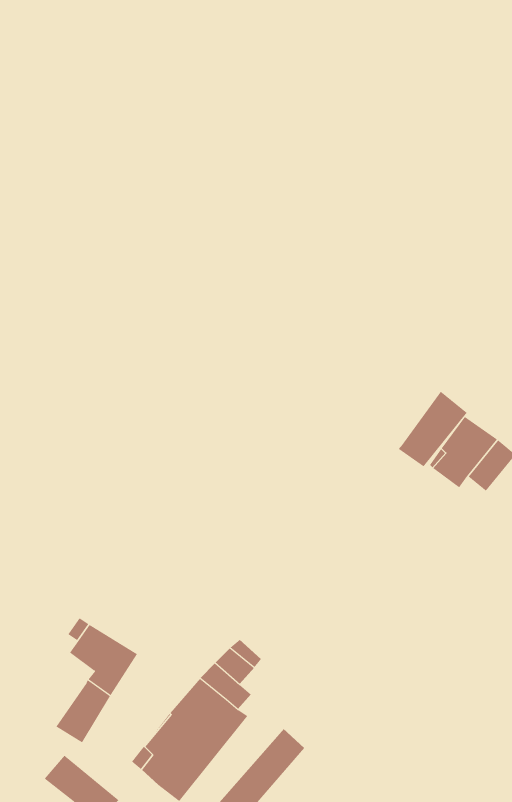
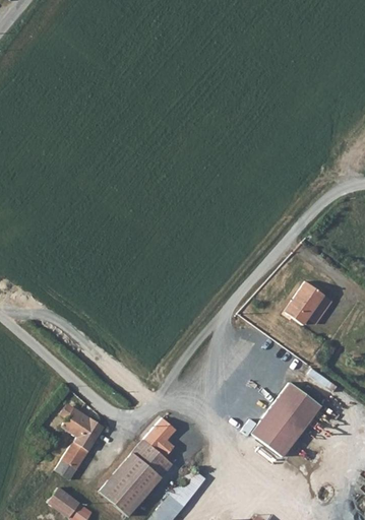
building: [398,391,467,467] -> none
building: none -> [248,387,318,462]

